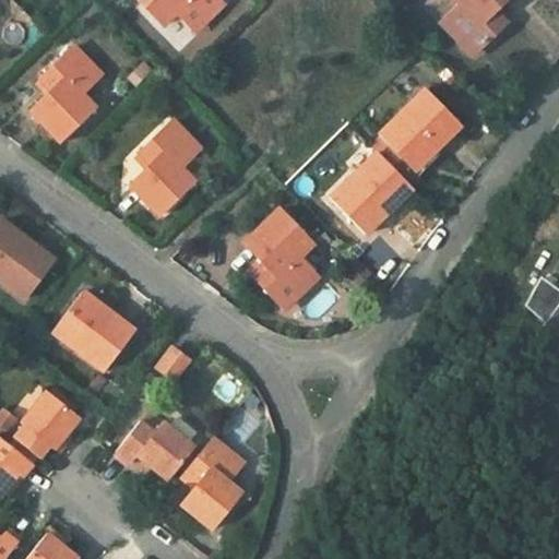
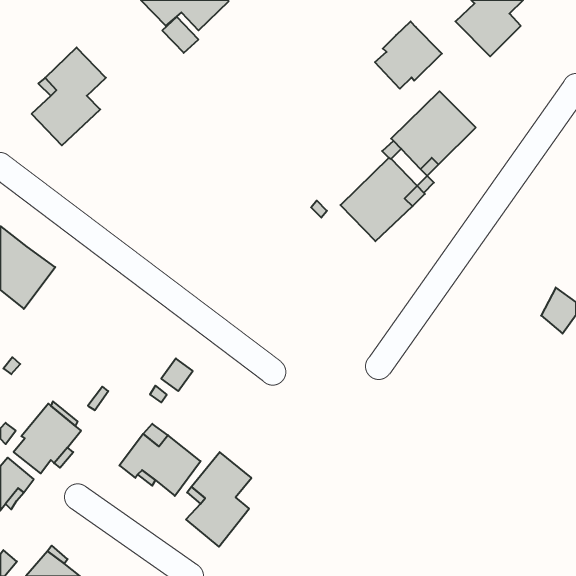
building: none -> [375,21,442,89]
building: [130,120,201,215] -> none
building: [243,209,316,307] -> none
building: [52,292,135,371] -> none

